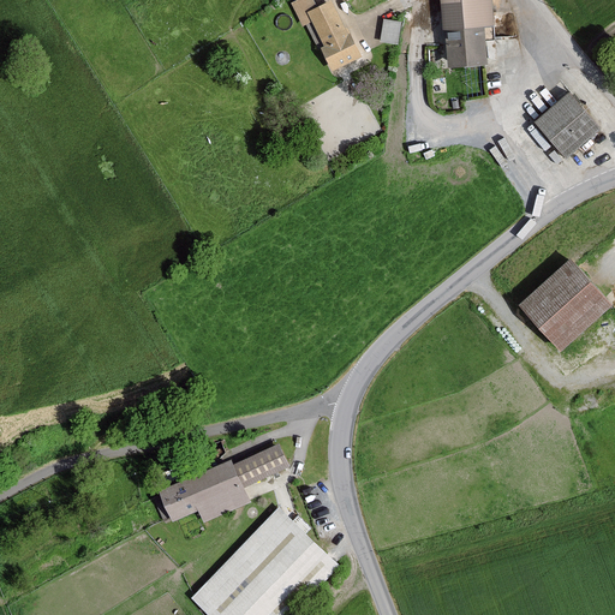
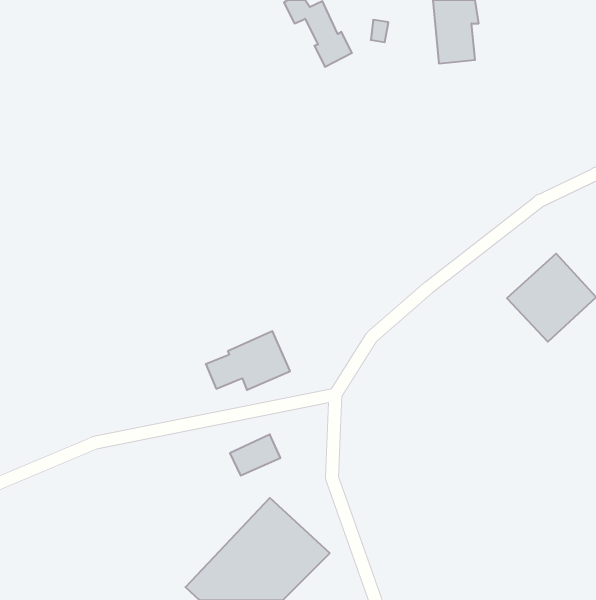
building: [537,95,596,154] -> none
building: [161,460,247,520] -> [206,331,290,390]

